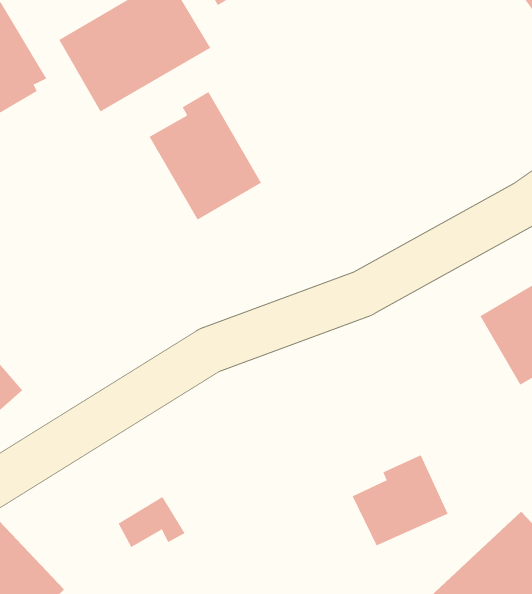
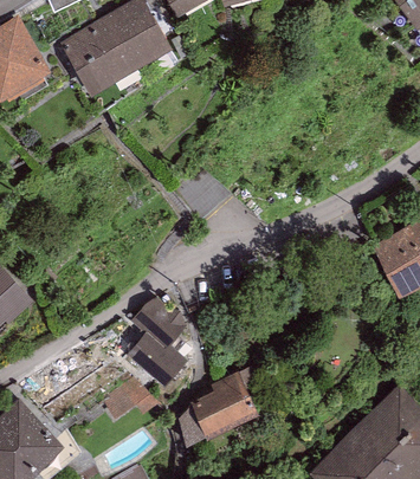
building: [149,91,262,220] -> none
building: none -> [119,297,187,384]
building: [352,454,448,546] -> [188,373,259,440]

